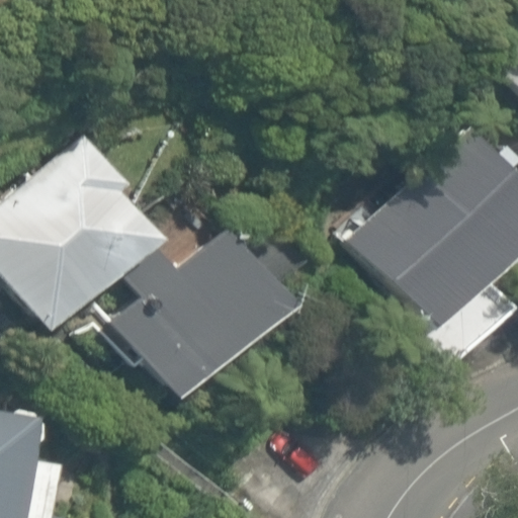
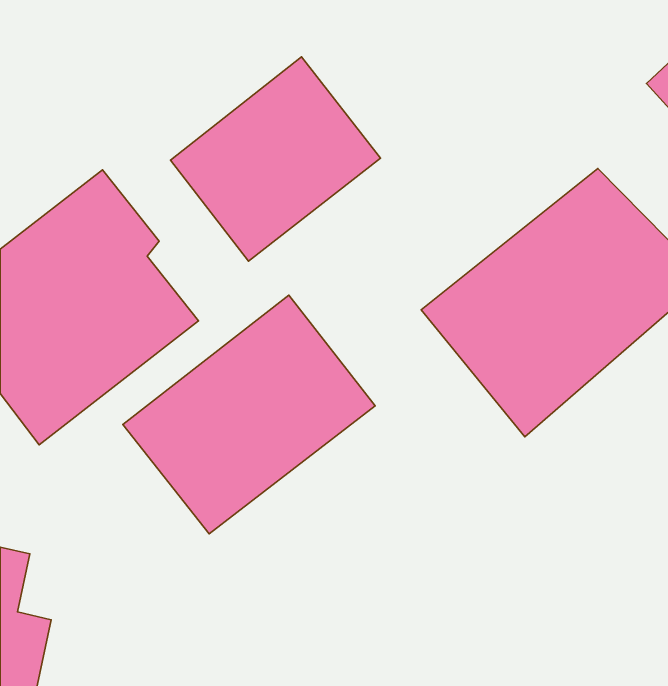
building: none -> [170,57,381,261]

